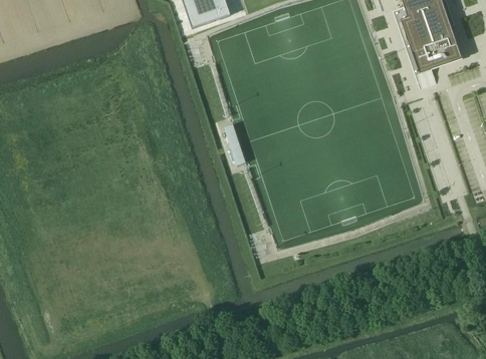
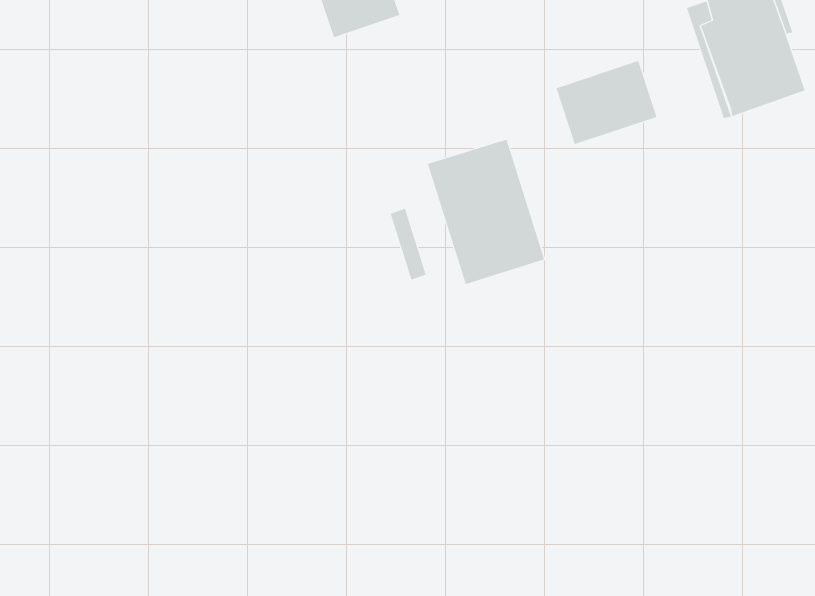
building: none -> [556,60,657,145]
building: none -> [427,139,545,285]

